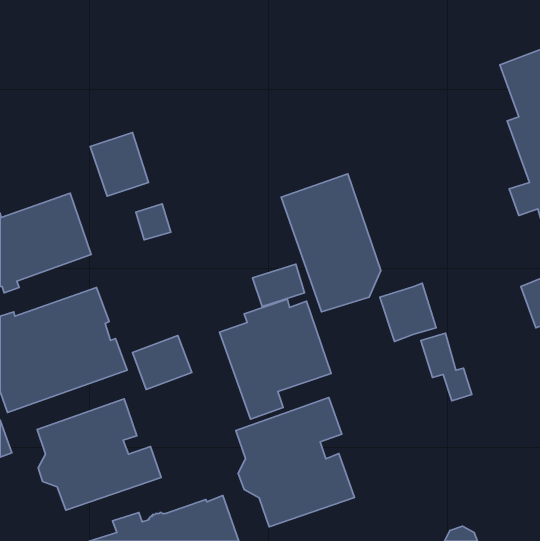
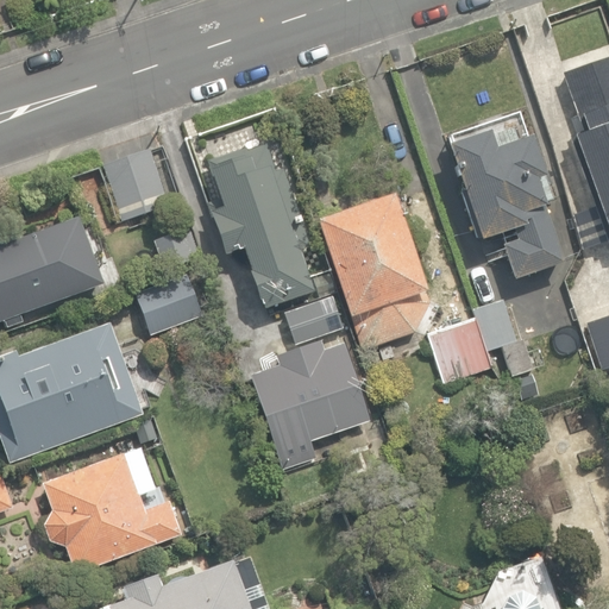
building: none -> [448,128,564,278]
building: none -> [208,145,314,309]
building: [421,333,472,401] -> [477,300,534,376]
building: [132,335,192,390] -> [137,274,203,334]
building: [236,397,354,527] -> none

